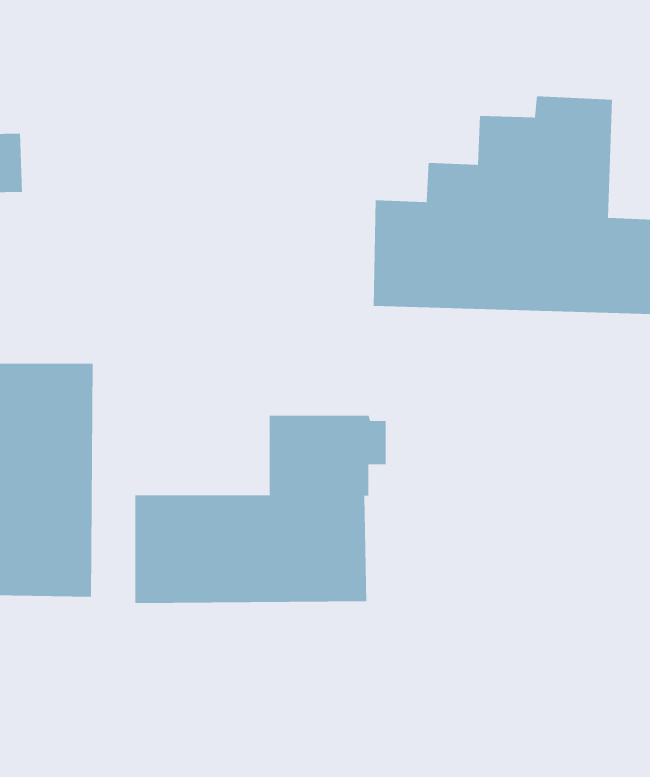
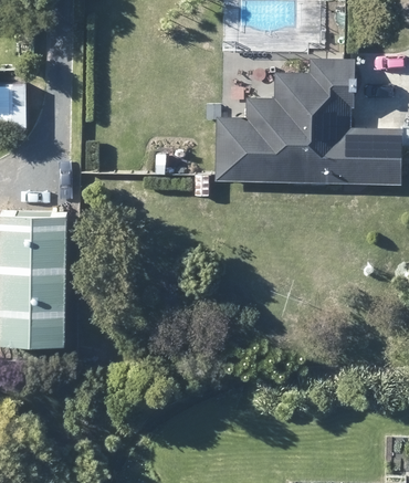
building: [135,415,386,604] -> none

